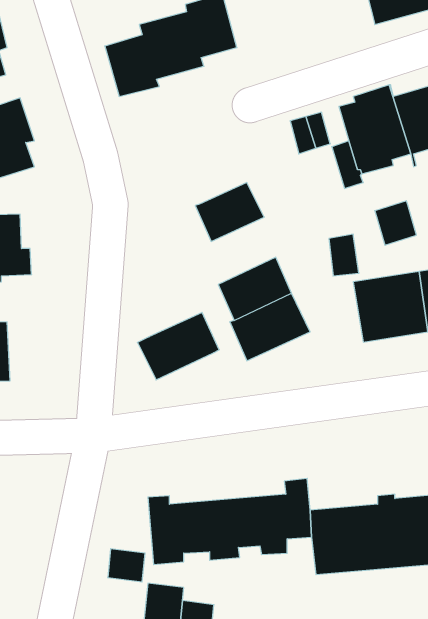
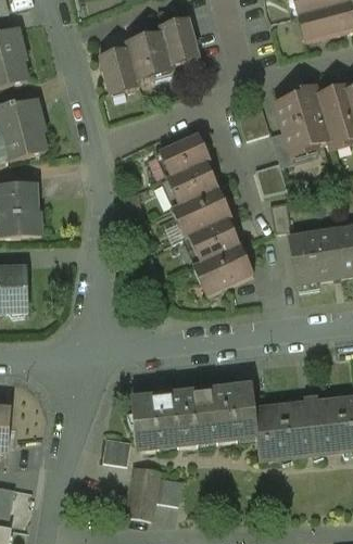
building: none -> [159,132,211,177]
building: [375,201,416,245] -> [255,162,287,195]
building: [137,312,219,380] -> [171,187,232,238]

